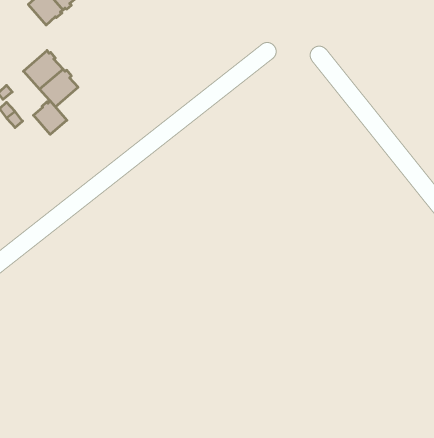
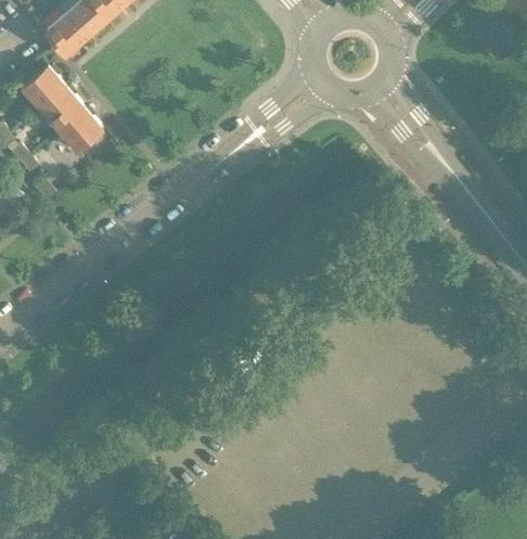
building: none -> [21,66,66,111]
building: [33,101,67,134] -> none

